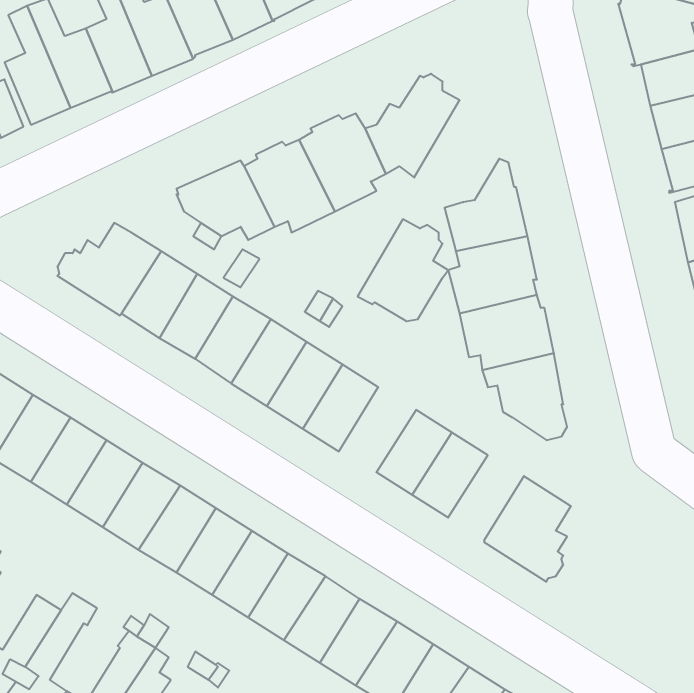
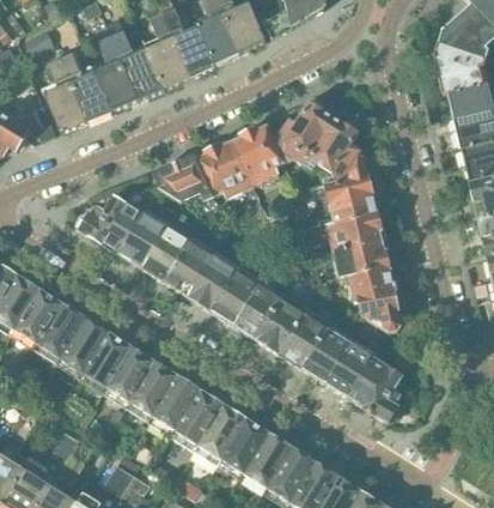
building: [358,219,448,321] -> [304,116,361,181]
building: none -> [256,298,305,353]
building: none -> [325,341,373,395]

